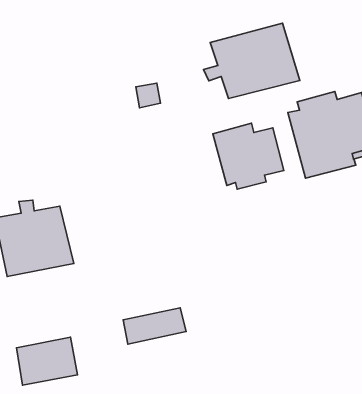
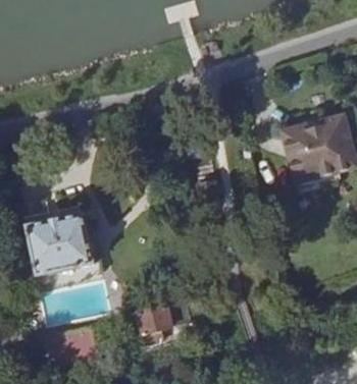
building: [203,23,300,98] -> none
building: [213,123,284,189] -> none

